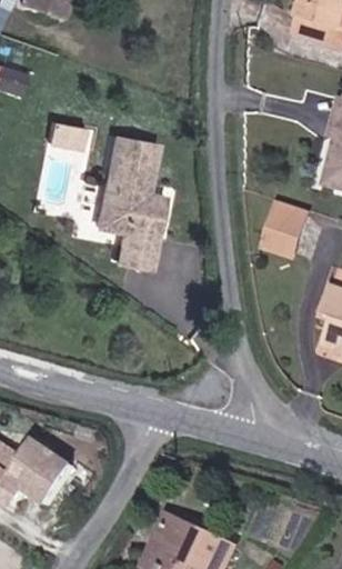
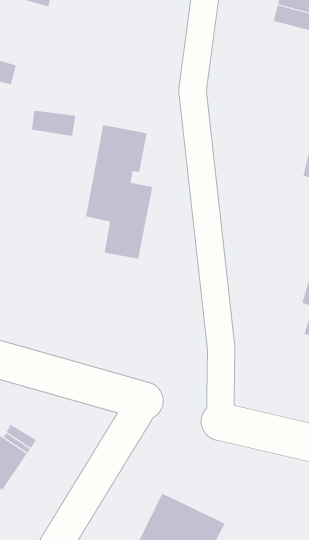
building: [254,197,308,258] -> none

